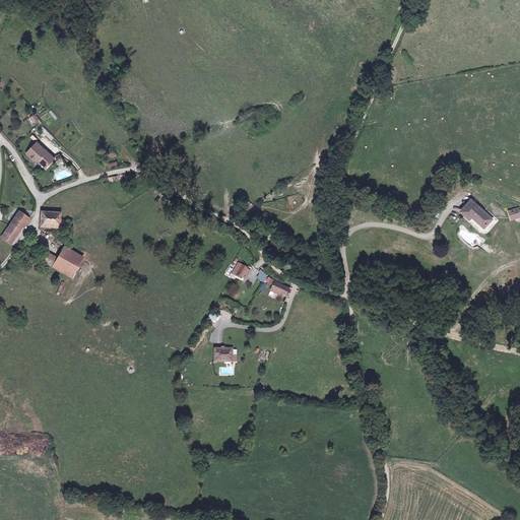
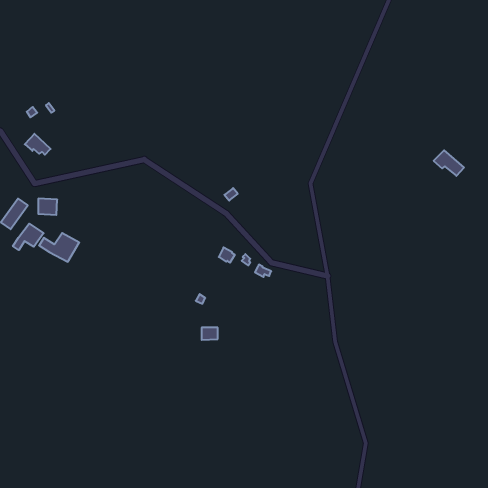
building: [460,199,493,226] -> [434,150,464,176]
building: none -> [13,224,44,250]

